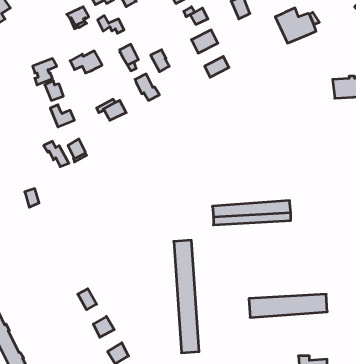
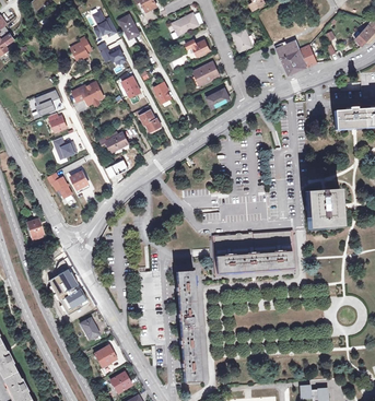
building: none -> [305,188,342,229]
building: none -> [48,259,89,314]
building: [249,294,327,317] -> [215,250,293,273]

